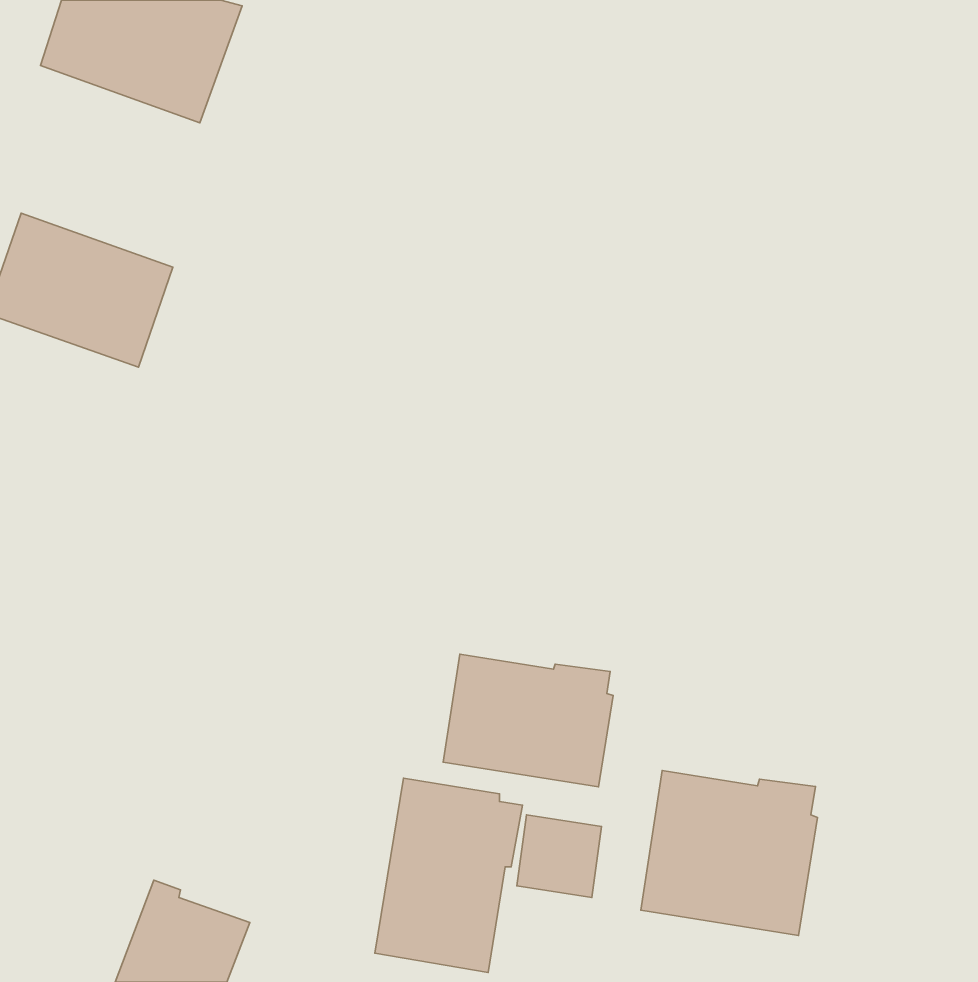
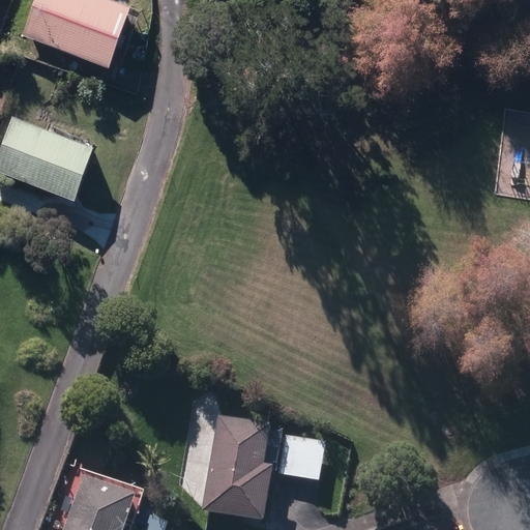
building: [443,654,613,787] -> none
building: [641,770,817,936] -> none

